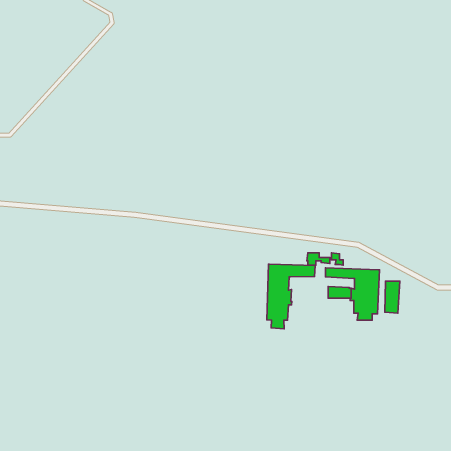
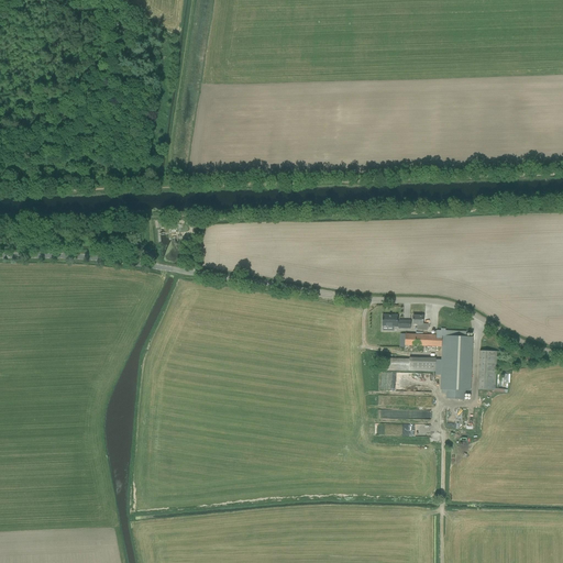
building: [267,264,315,329] -> none

